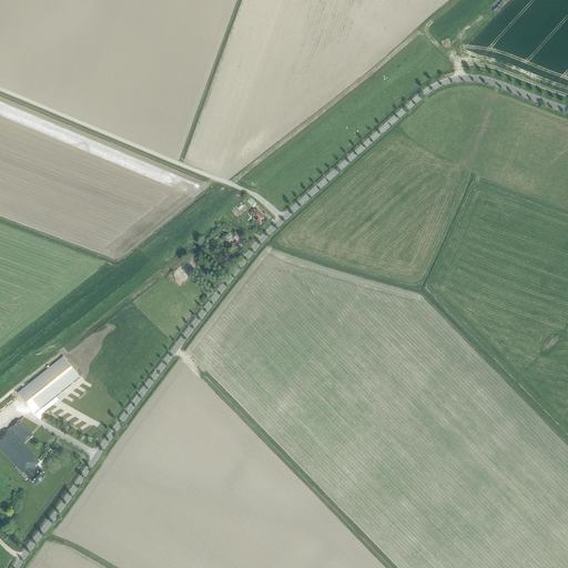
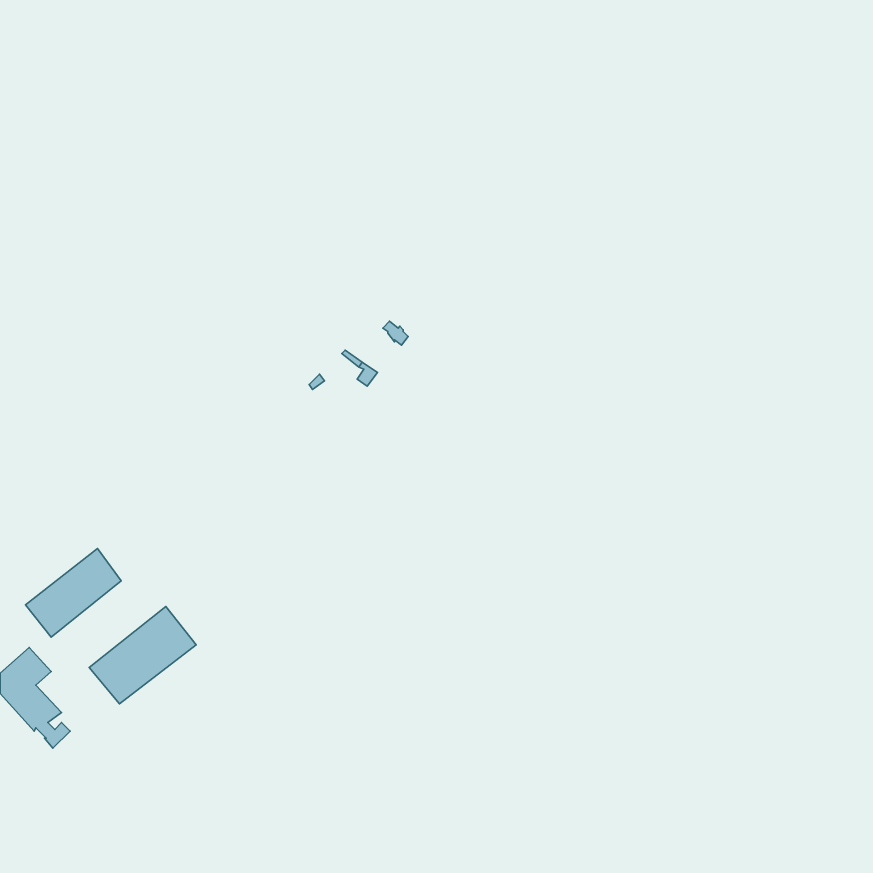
building: none -> [89,607,196,704]

